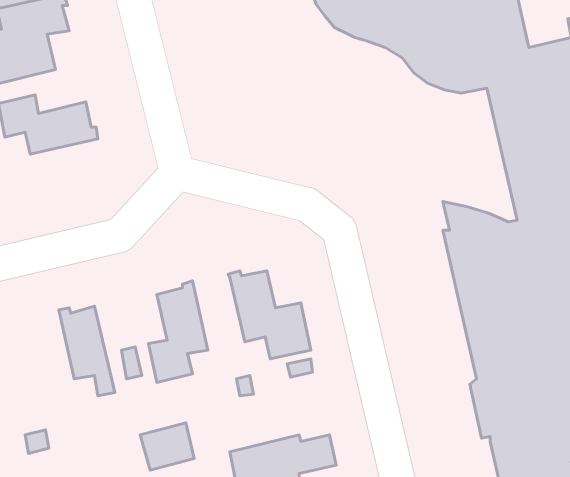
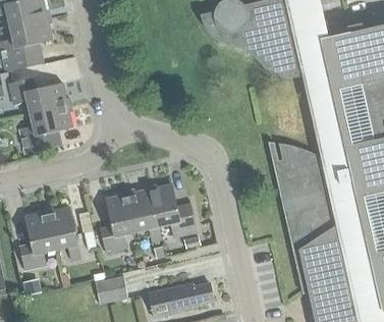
building: none -> [19,104,73,153]
building: none -> [127,187,161,242]
building: none -> [19,207,56,268]

